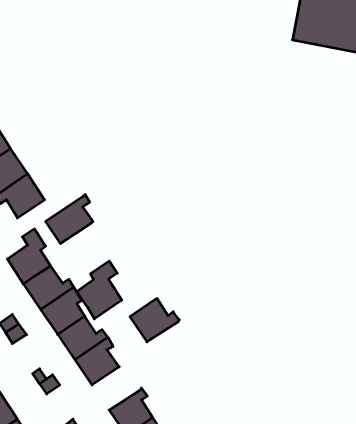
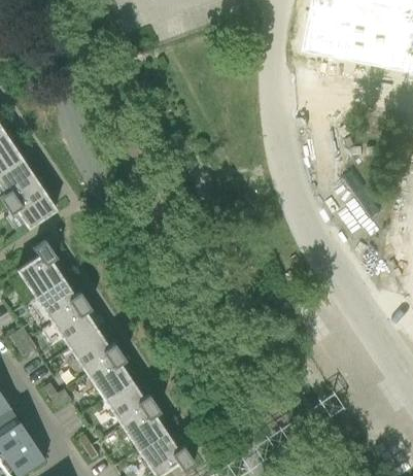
building: [46,194,93,244] -> none
building: [76,261,122,319] -> none
building: [130,299,179,342] -> [103,380,153,424]

